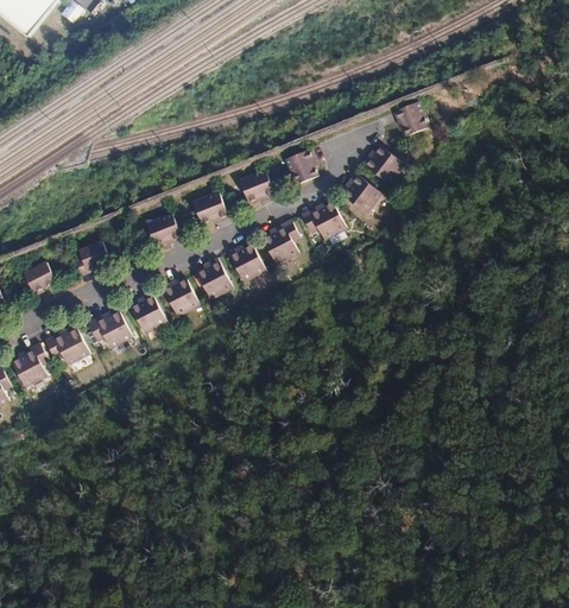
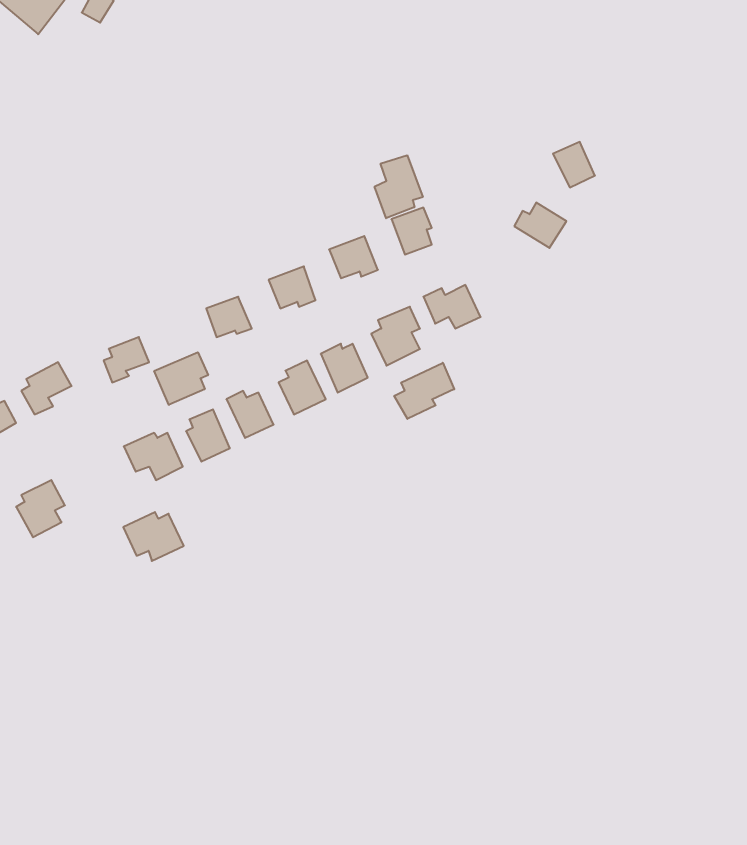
building: none -> [375,155,423,218]
building: [349,176,383,210] -> none
building: none -> [154,352,208,405]
building: none -> [394,363,454,419]
building: [46,330,89,365] -> [123,512,184,561]

